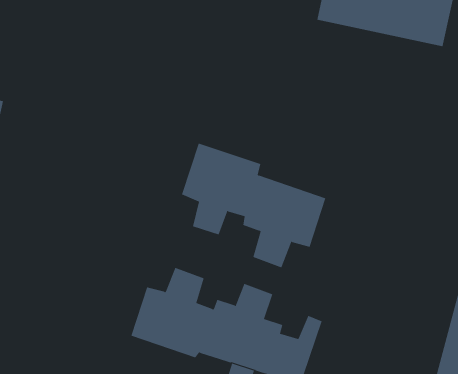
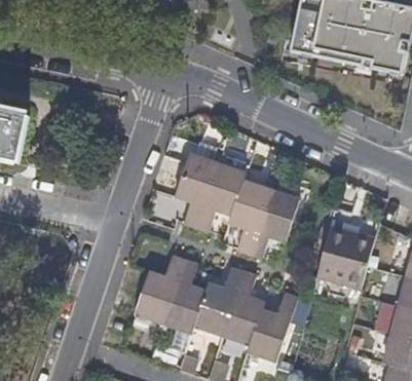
building: none -> [316,227,374,289]

